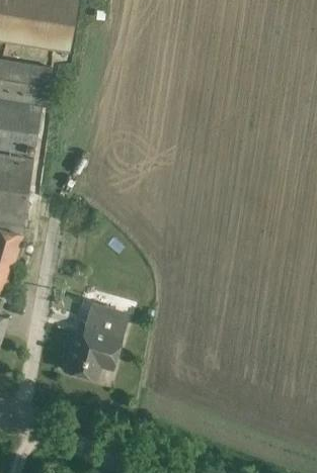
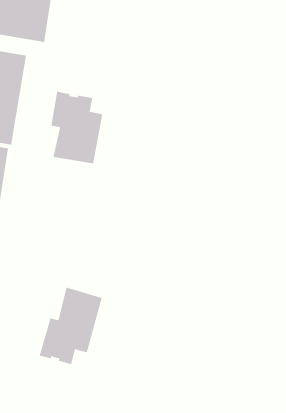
building: none -> [51,91,103,164]

